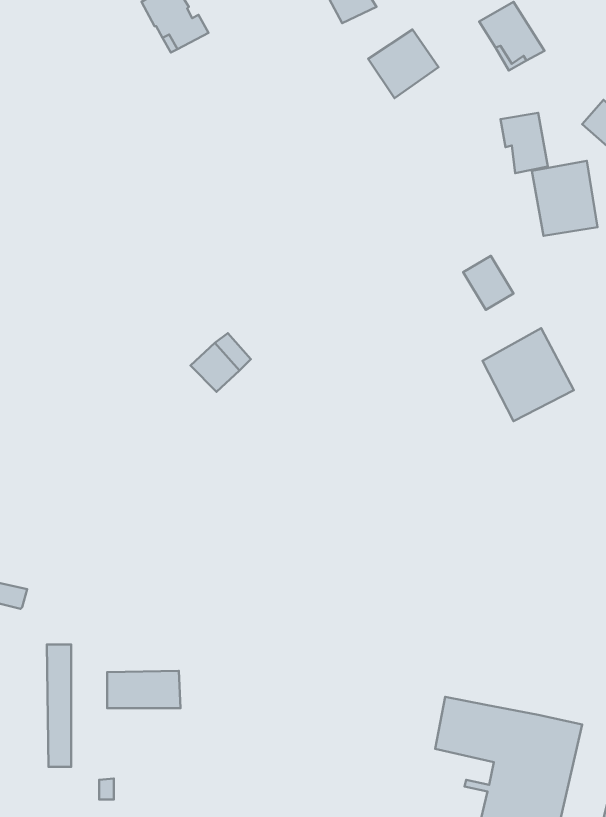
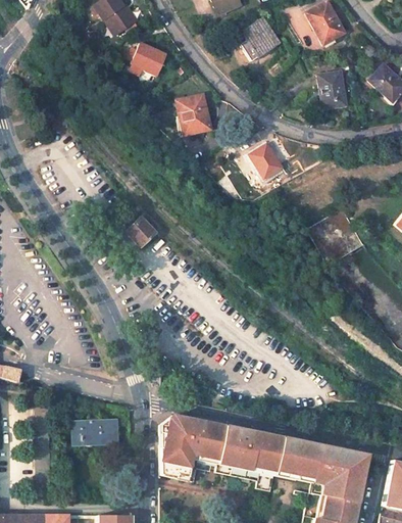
building: none -> [129,45,164,77]
building: none -> [177,95,210,135]
building: [532,161,597,236] -> none
building: [463,256,514,310] -> [249,144,281,178]
building: none -> [162,415,284,491]

